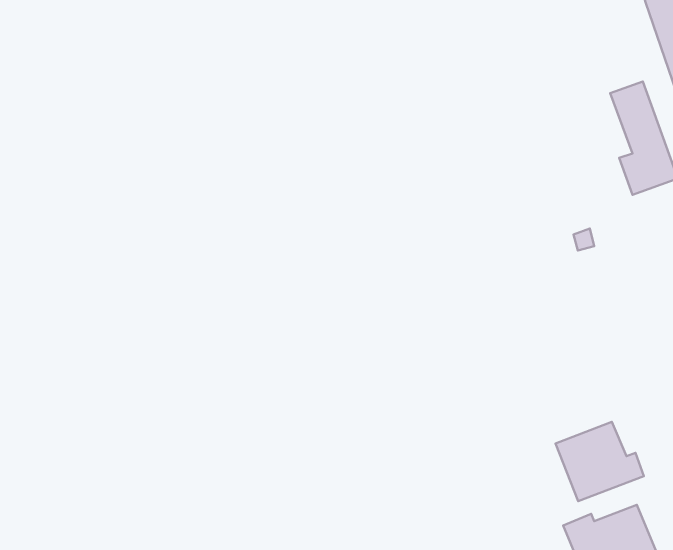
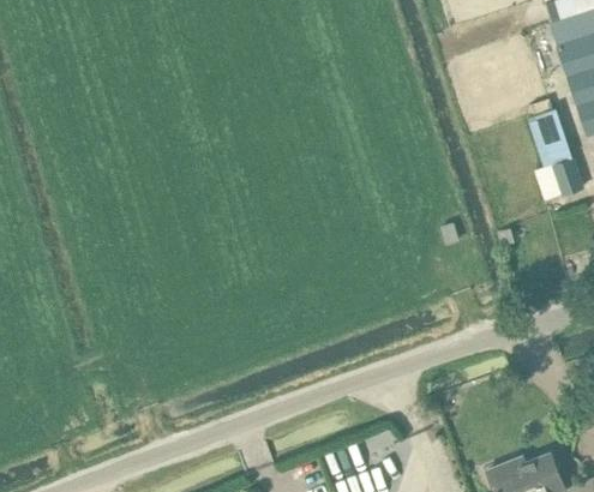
building: [555,422,644,501] -> none

